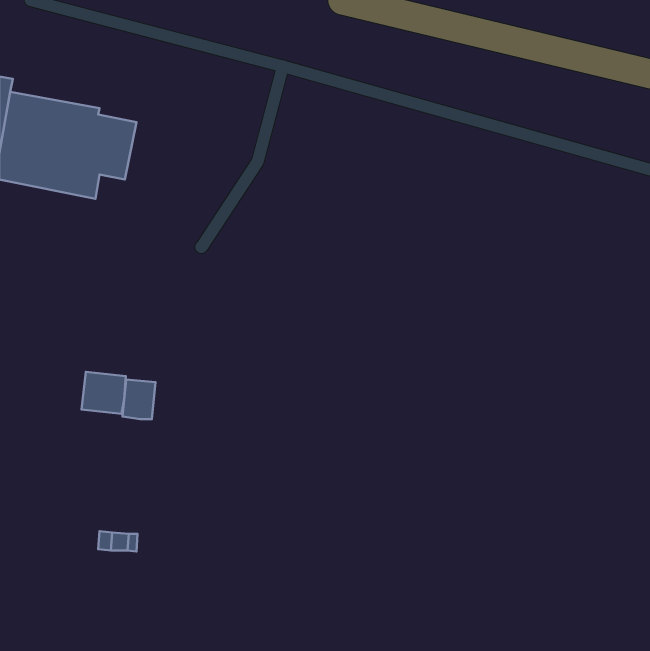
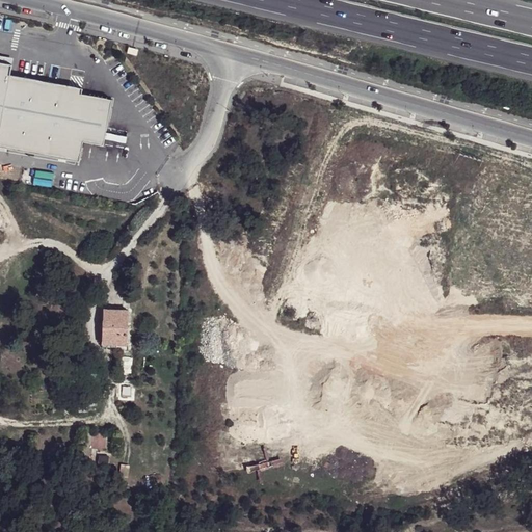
building: [81,372,126,414] -> none

